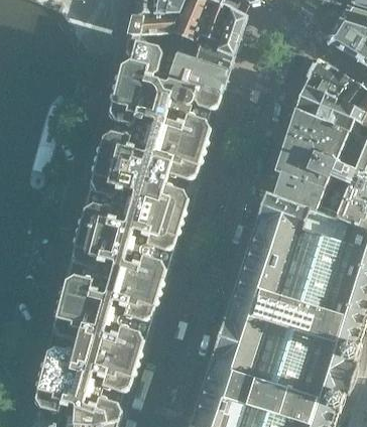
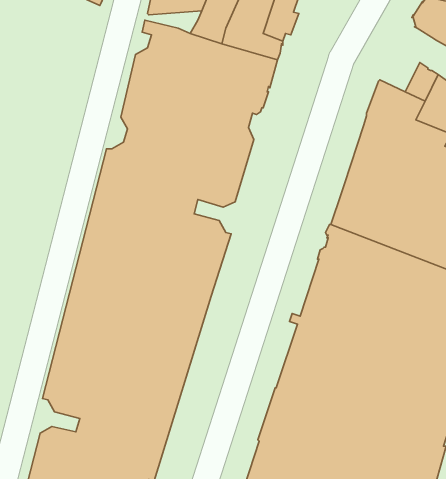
building: [307,59,337,93] -> none

